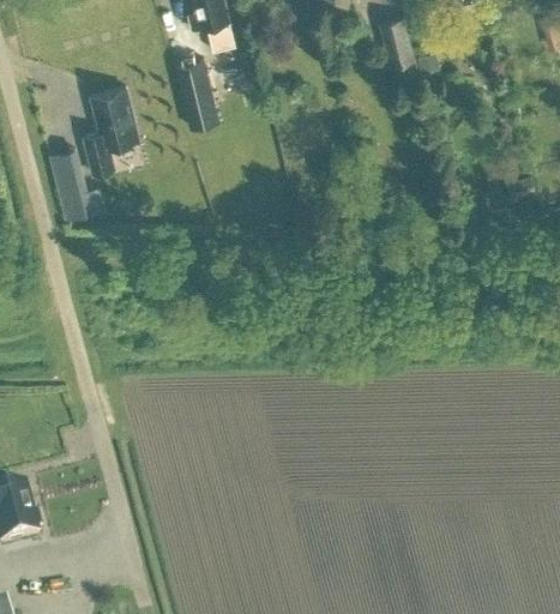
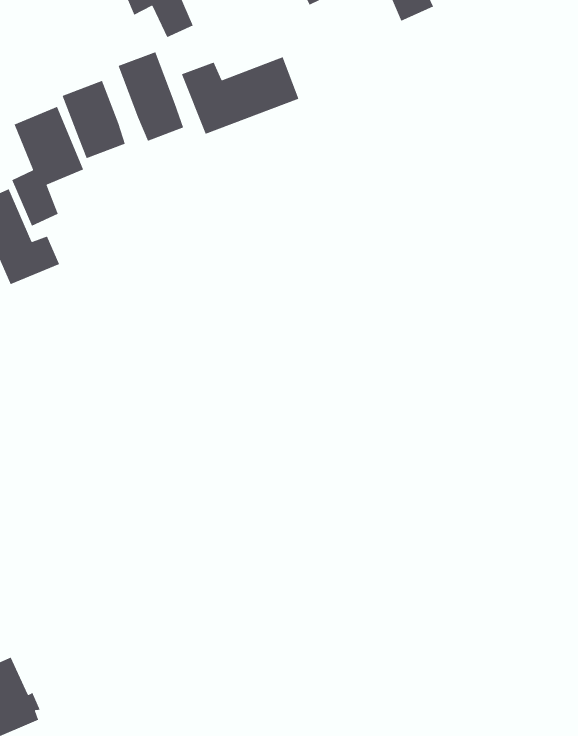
building: none -> [181,56,299,135]
building: none -> [62,80,126,159]

